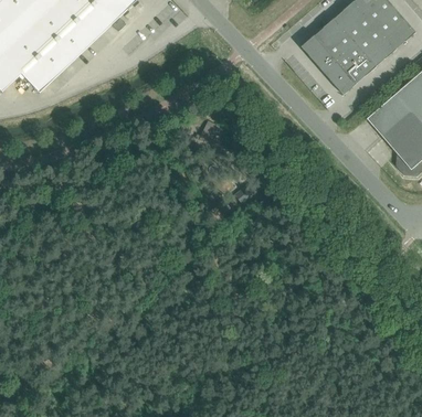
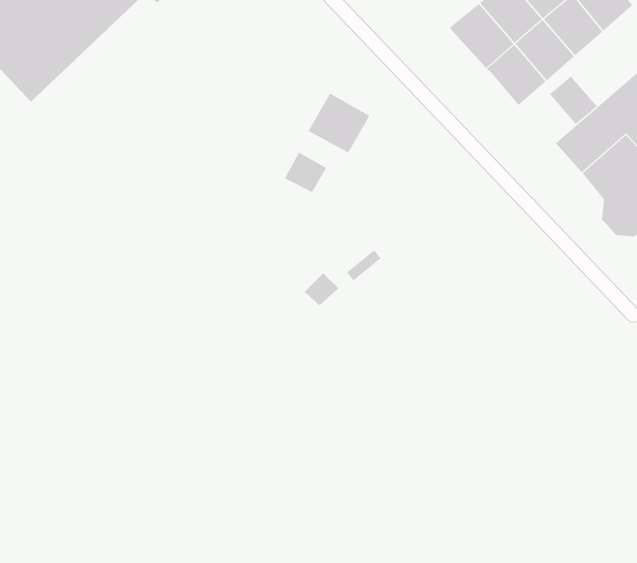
building: none -> [549,75,598,125]
building: none -> [308,93,370,154]

